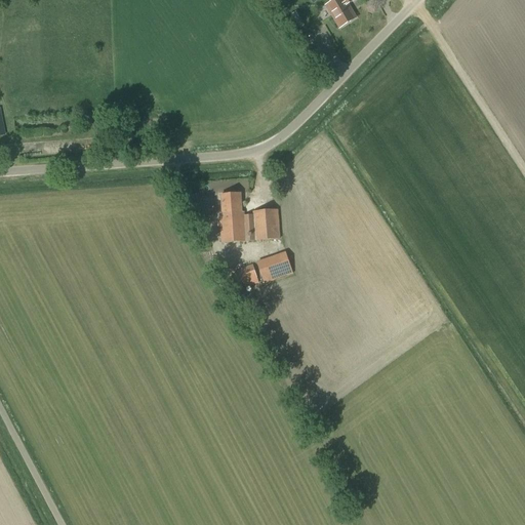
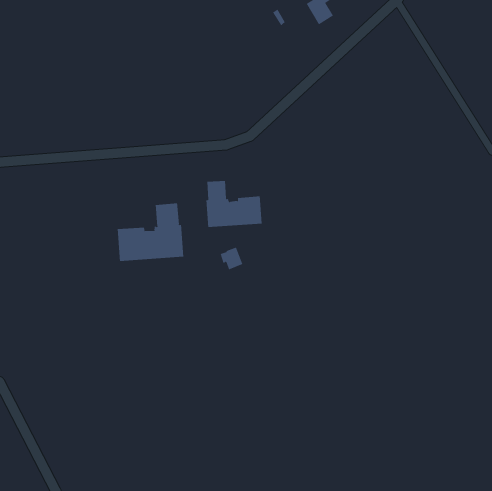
building: none -> [117,203,184,262]
building: [255,250,292,282] -> none

